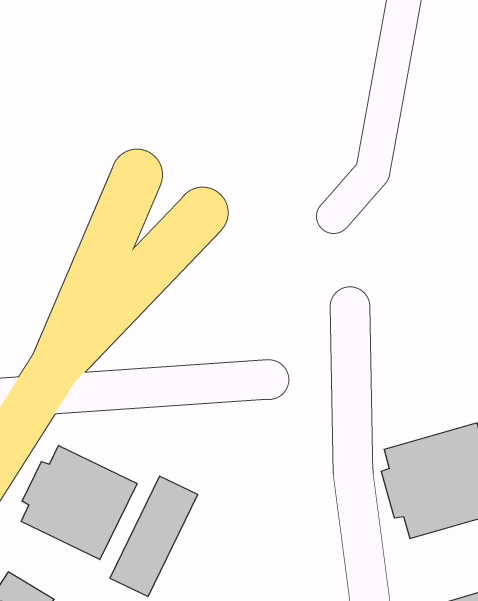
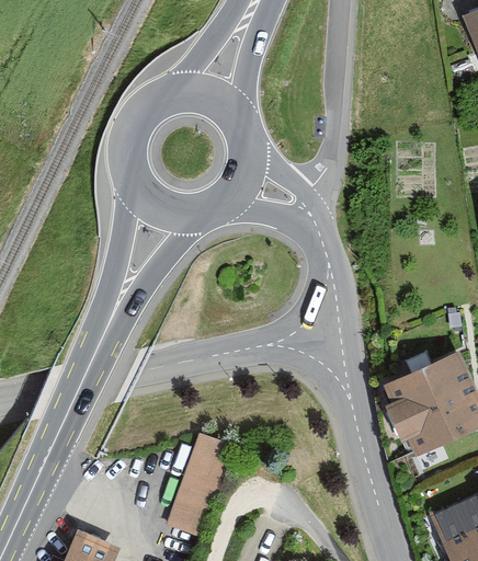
building: [21,445,137,560] -> none

